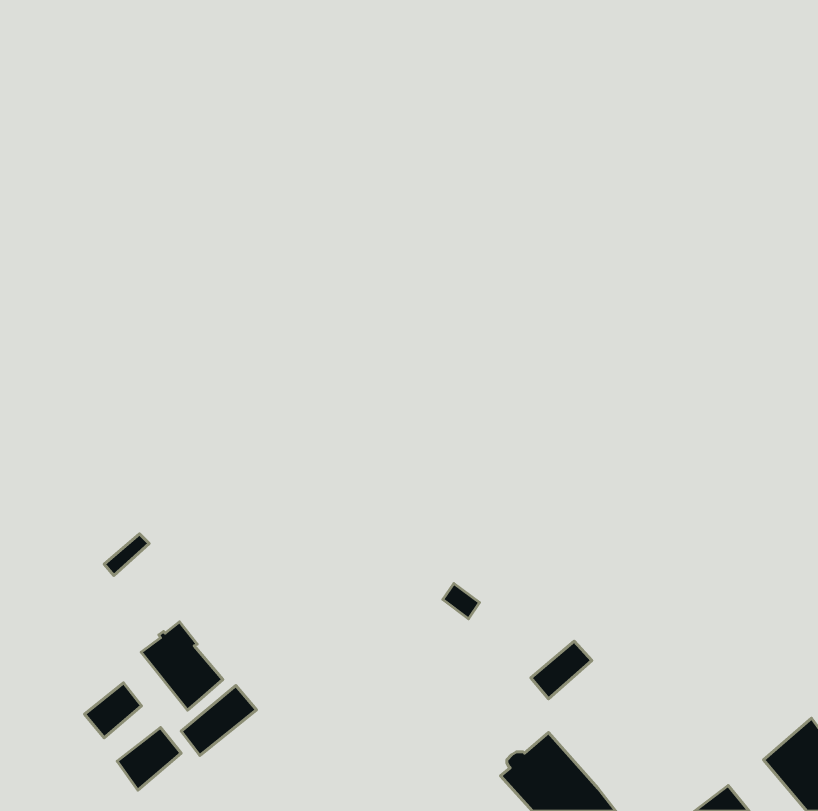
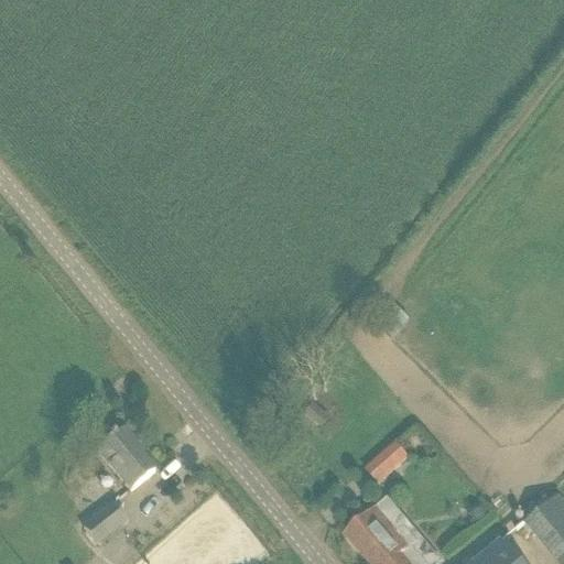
building: [85,683,142,738] -> none
building: [181,686,256,755] -> none

